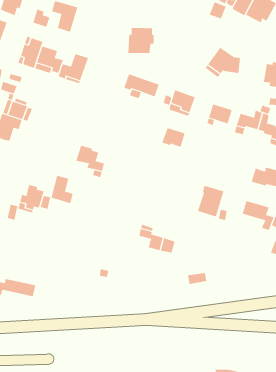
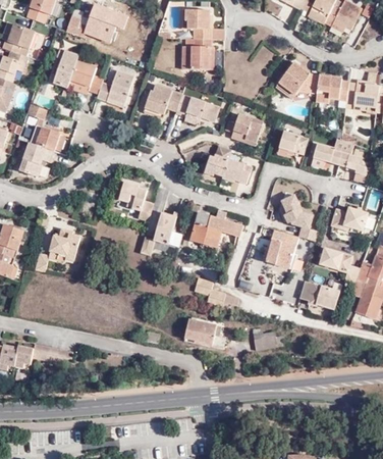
building: none -> [184,9,212,39]
building: none -> [315,74,349,103]
building: none -> [143,84,182,118]
building: none -> [200,145,232,176]
building: none -> [282,195,319,241]
building: none -> [190,209,241,248]
building: [40,175,73,210] -> [141,212,181,254]
building: none -> [299,280,340,310]
building: none -> [184,318,224,347]

